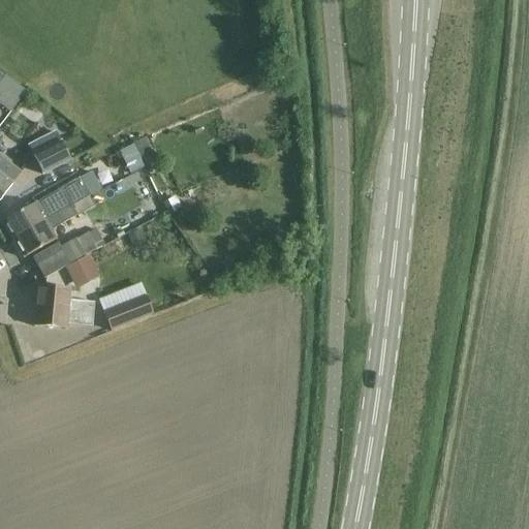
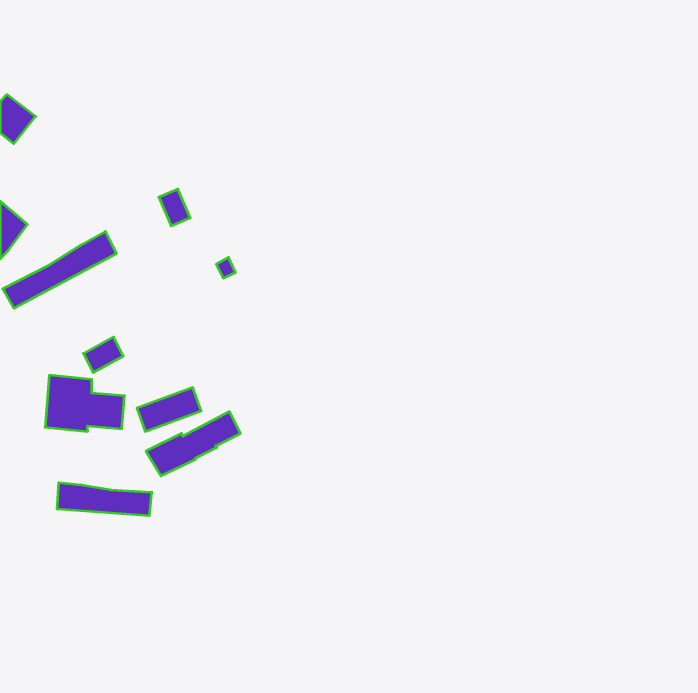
building: [29,127,72,172] -> none
building: [11,184,102,254] -> none
building: [33,225,104,274] -> [146,412,240,476]
building: none -> [57,483,152,516]

